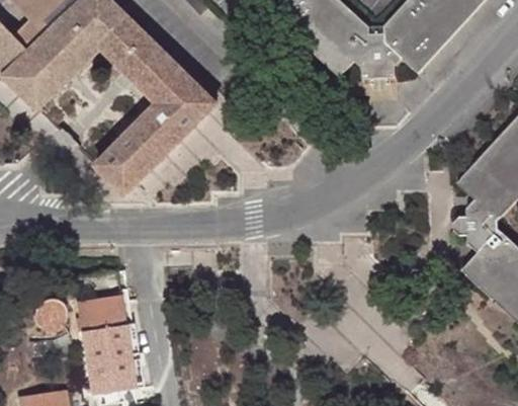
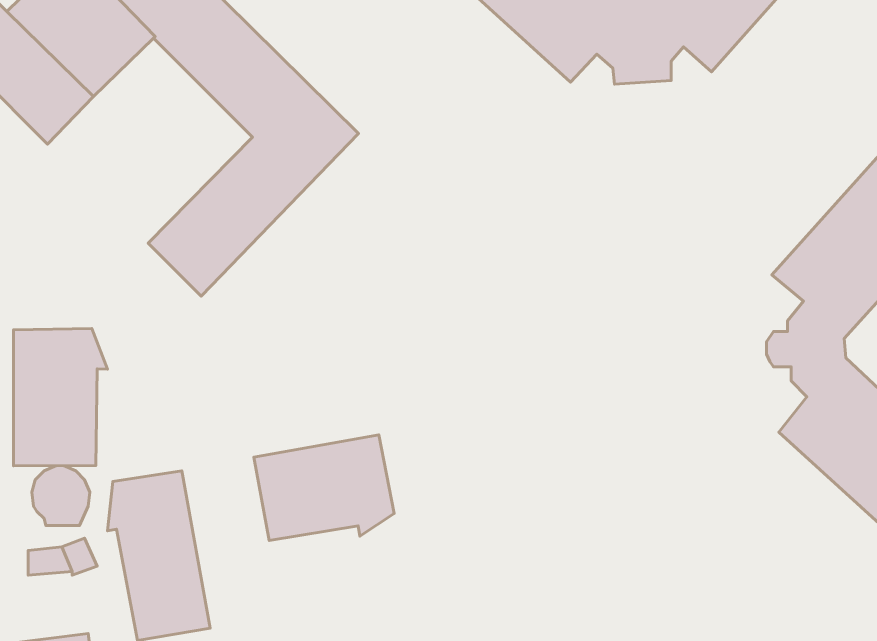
building: none -> [13,328,107,466]
building: none -> [254,435,394,541]

